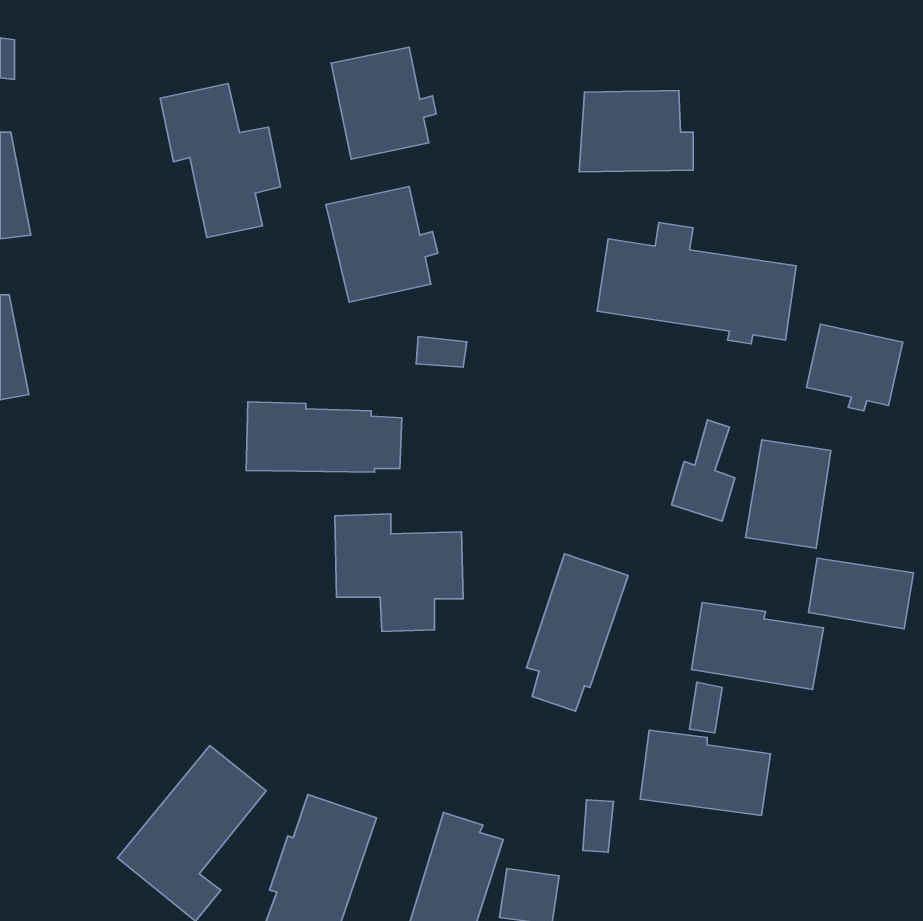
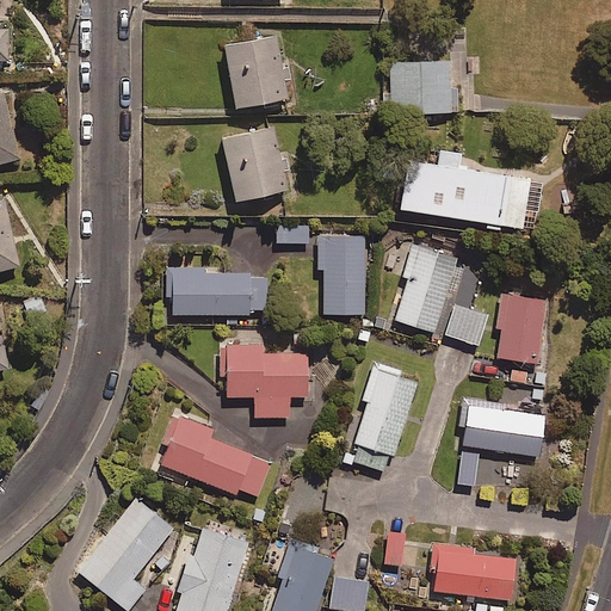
building: [160,83,281,238] -> none
building: [806,324,903,411] -> none
building: none -> [316,236,364,314]
building: none -> [393,247,469,333]
building: [808,558,913,629] -> none
building: none -> [161,413,272,495]
building: [640,730,771,815] -> [431,544,517,600]

